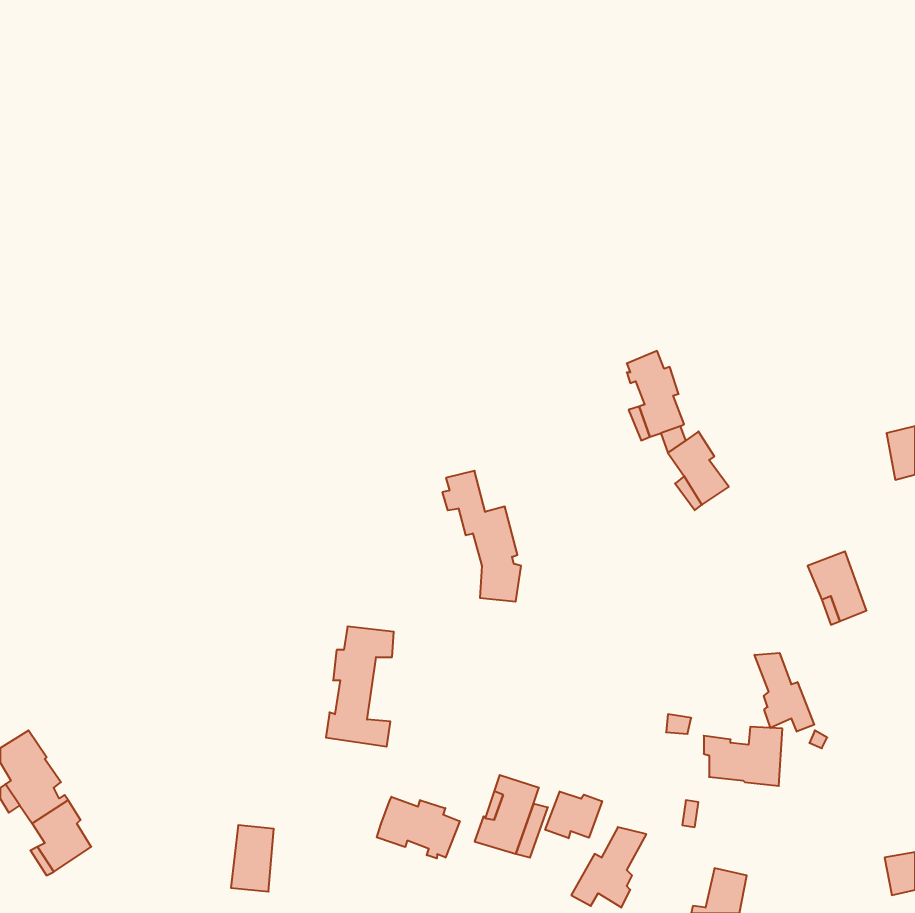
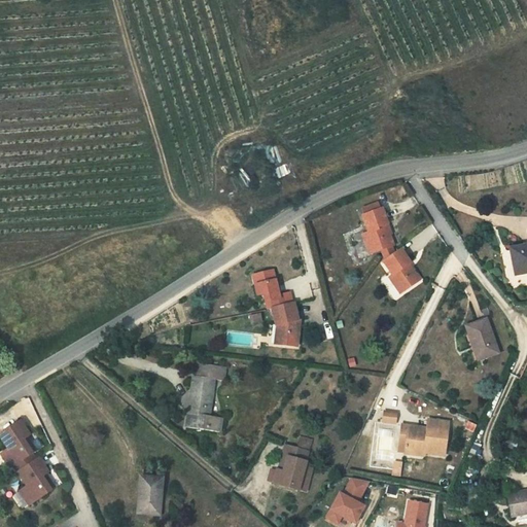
building: [755,653,814,732] -> none
building: [545,791,602,838] -> none
building: [377,797,460,858] -> none

